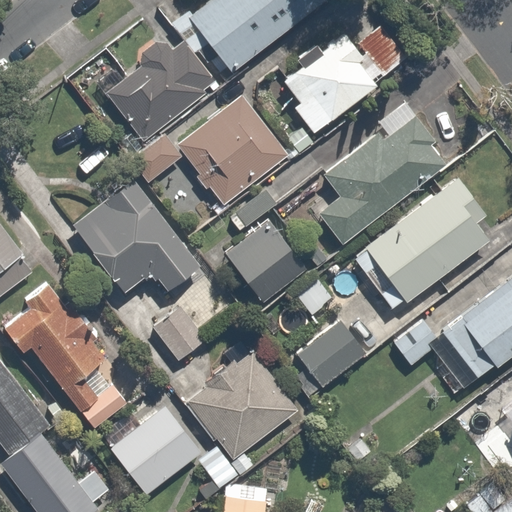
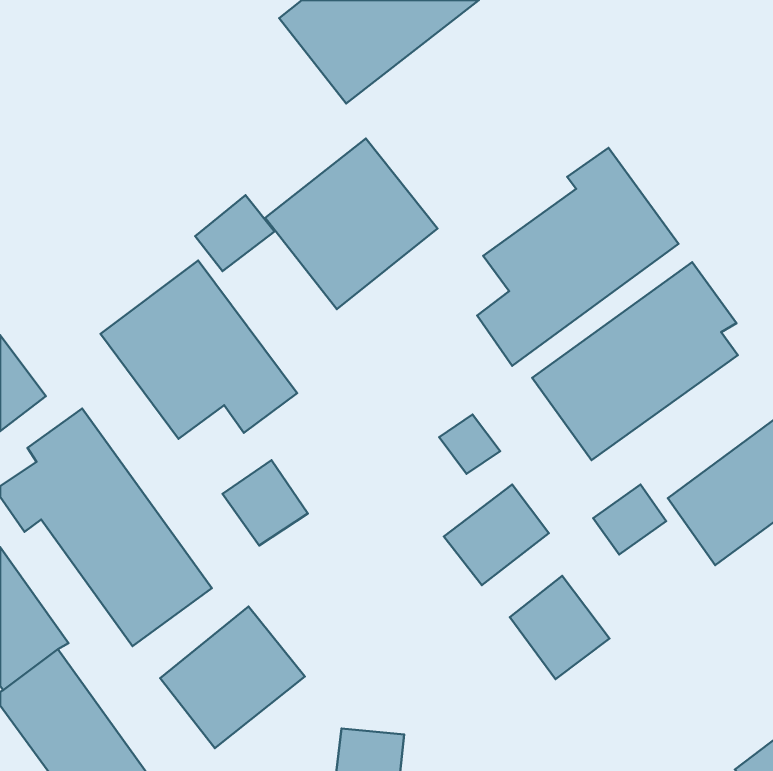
building: [282,23,409,133] -> none
building: [103,37,219,142] -> none
building: [221,218,312,310] -> none
building: [184,348,295,487] -> none
building: none -> [510,576,609,679]

